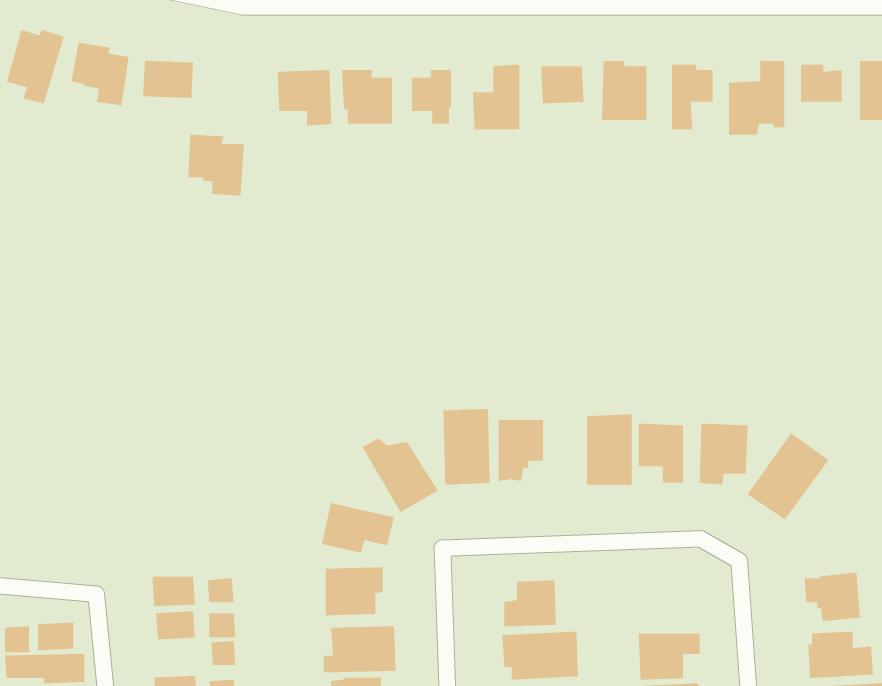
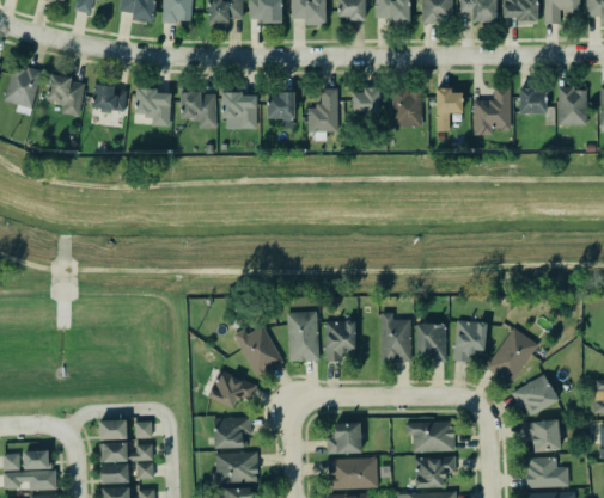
building: [188,134,245,196] -> [135,87,172,128]
building: none -> [510,373,557,413]
building: none -> [405,422,456,453]
building: none -> [102,463,129,484]

